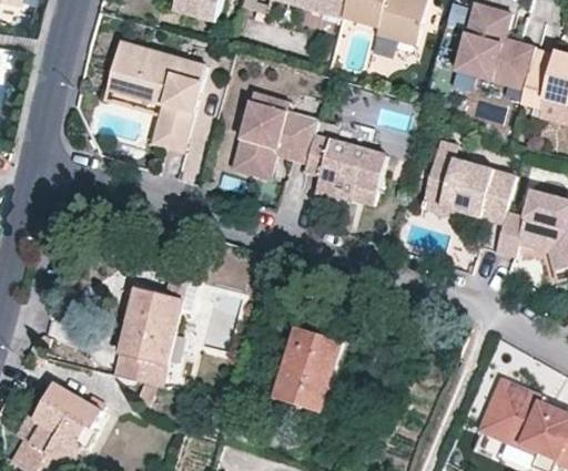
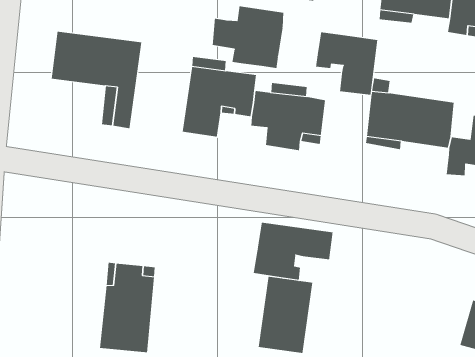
building: none -> [212,6,284,69]
building: none -> [316,31,378,96]
building: none -> [253,222,333,281]

